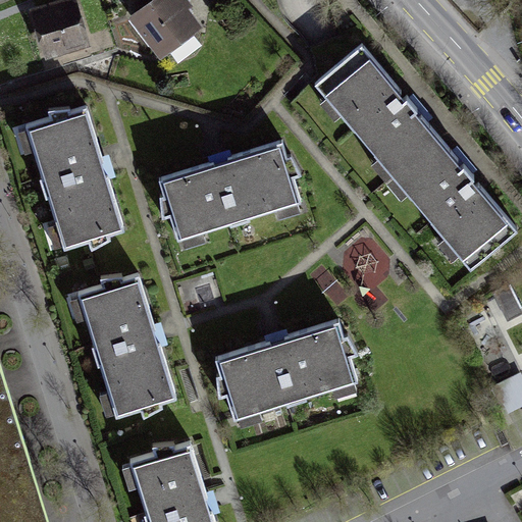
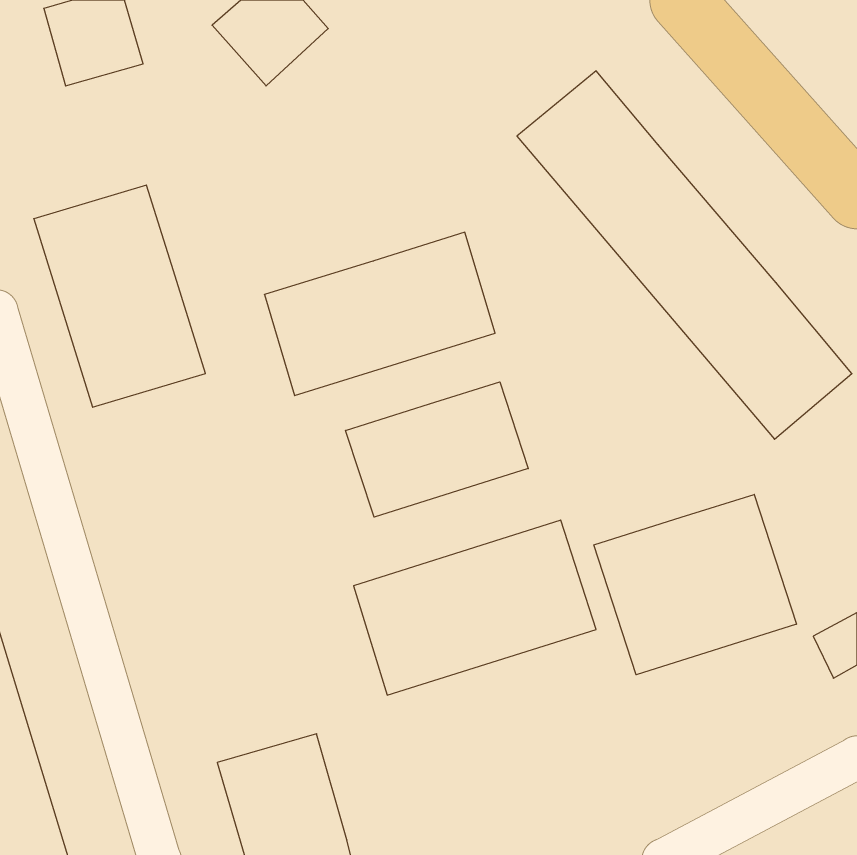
building: none -> [346,382,528,517]
building: [79,275,172,415] -> none
building: none -> [594,494,796,675]

